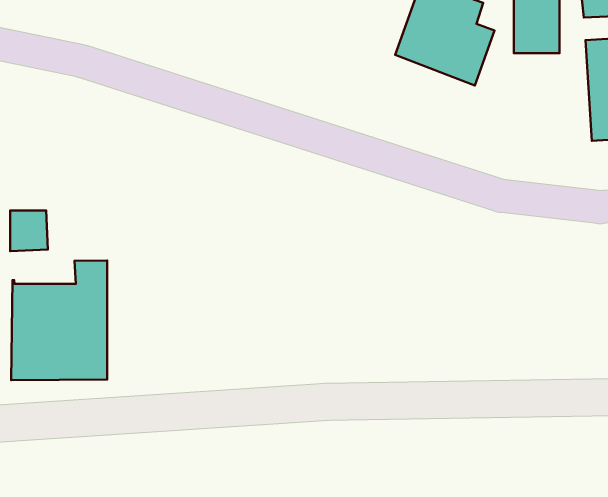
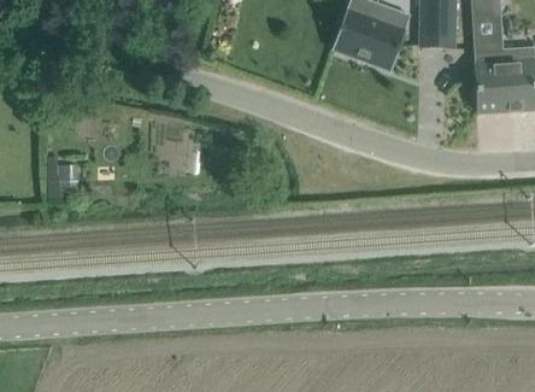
building: [11,261,107,380] -> none

